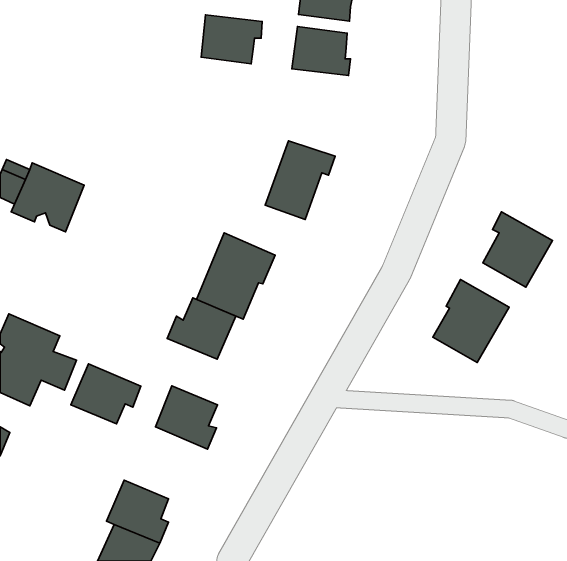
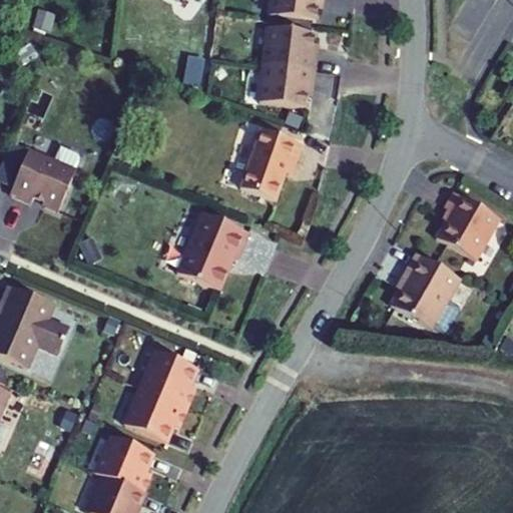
building: [201,15,262,64] -> [260,62,315,106]
building: [167,298,236,359] -> none
building: [71,364,141,424] -> [124,386,187,440]

